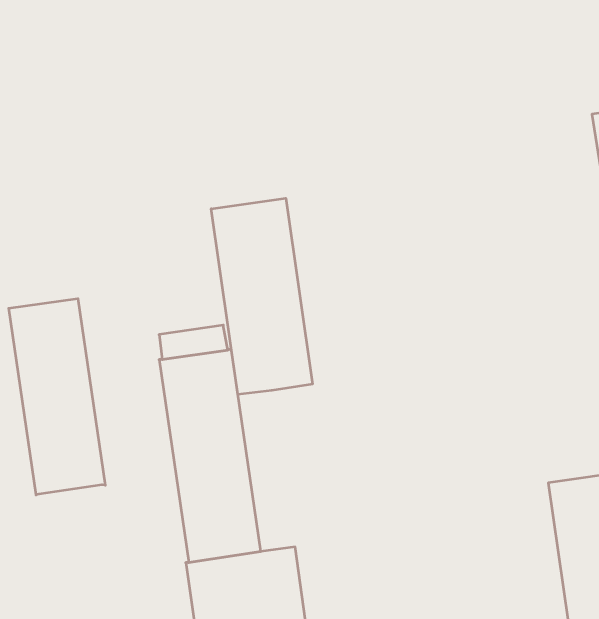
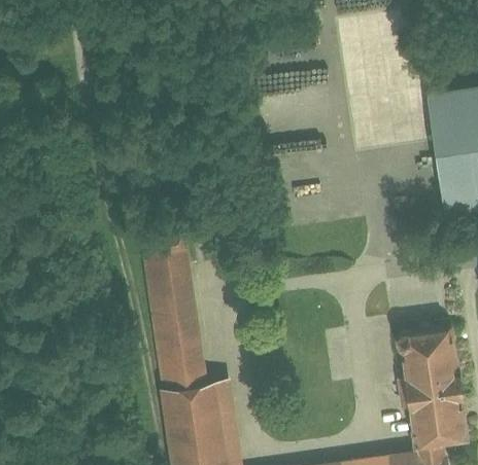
building: [211,198,312,395] -> none
building: [9,299,105,495] -> none

